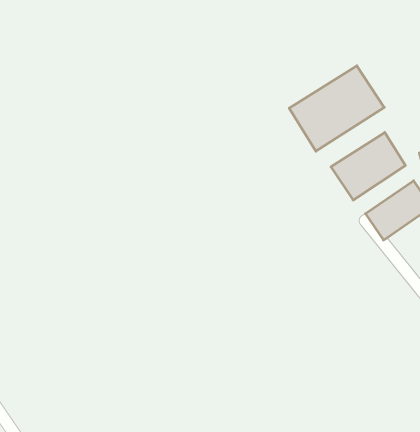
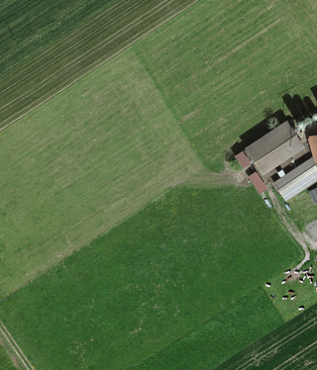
building: [289,66,384,151] -> none

